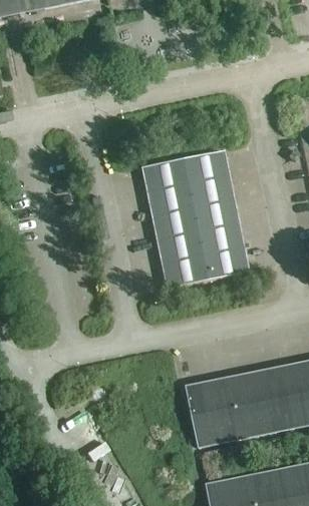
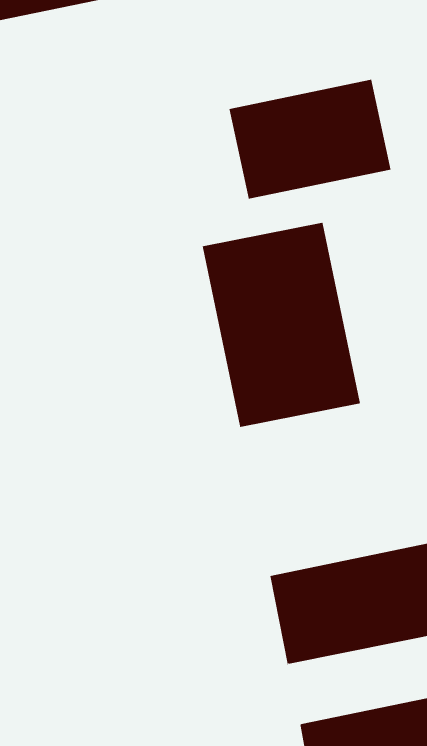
building: none -> [229,79,391,200]

